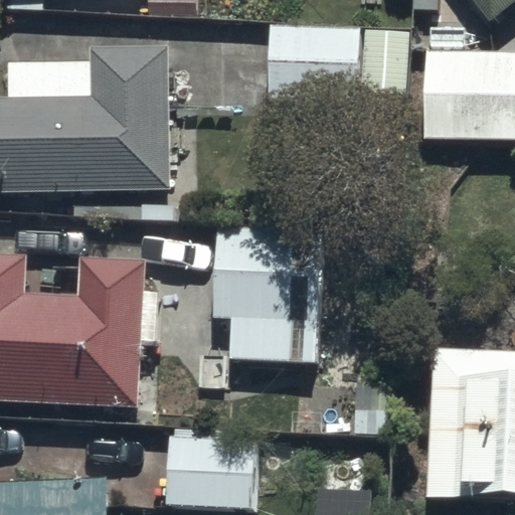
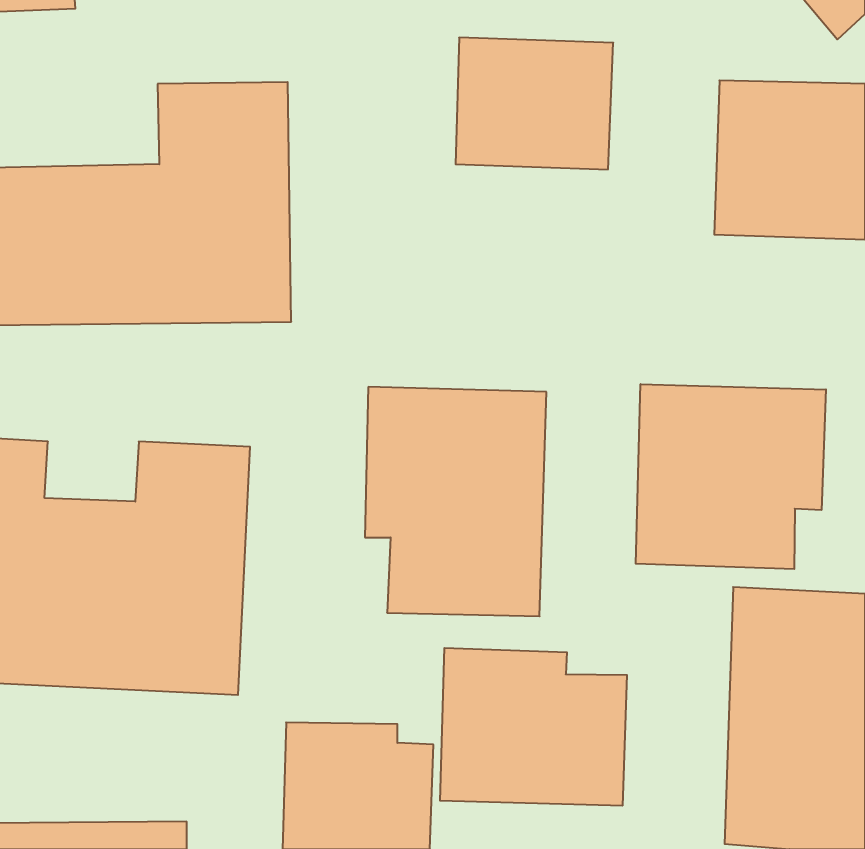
building: none -> [636,384,826,569]
building: none -> [440,648,627,806]

